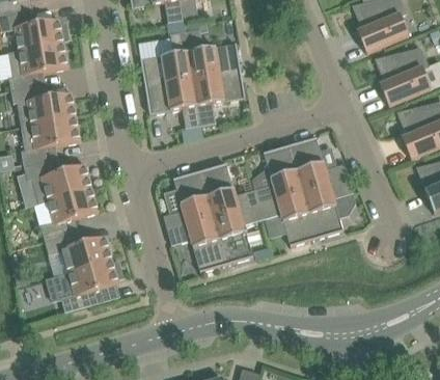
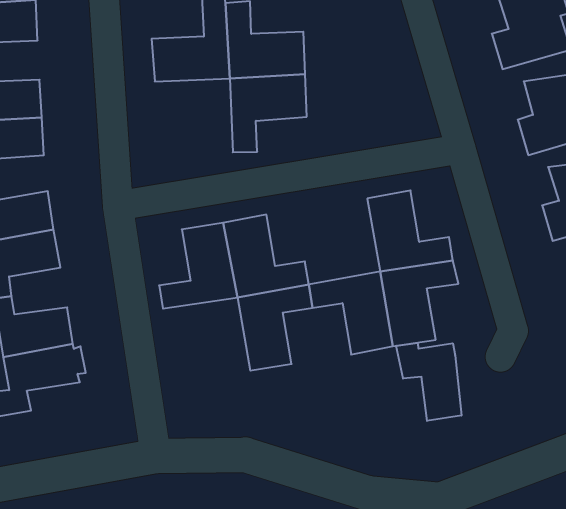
building: [145,79,200,128] -> none
building: [254,145,303,205] -> none
building: [167,218,227,272] -> none
building: none -> [396,343,461,421]

